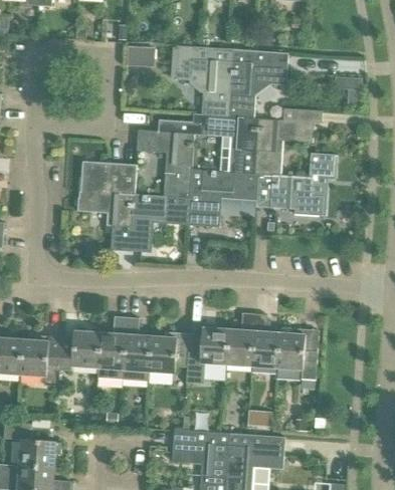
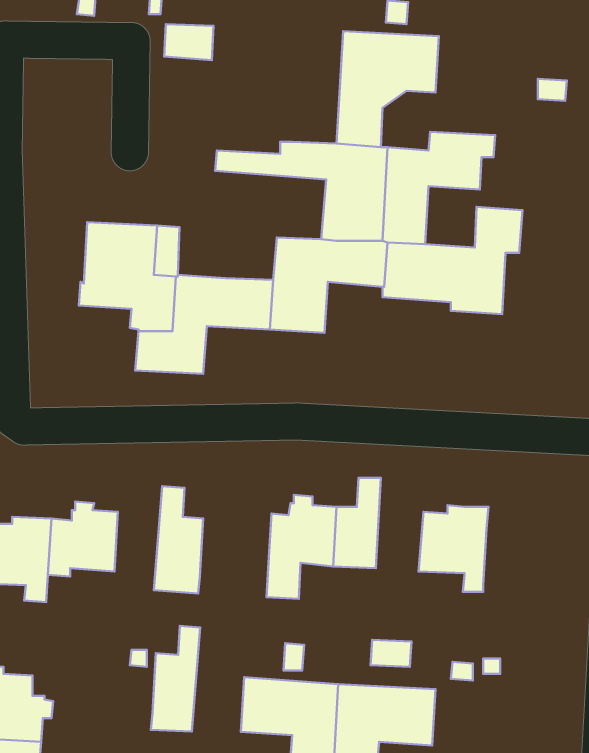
building: [174,45,231,115] -> none
building: [135,131,194,196] -> none
building: [250,312,278,368] -> none
building: [95,316,125,379] -> [151,626,200,732]
building: [147,331,189,372] -> none

